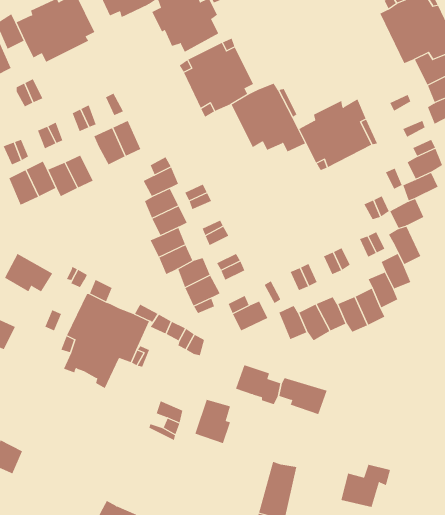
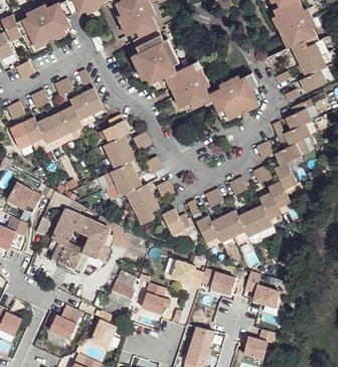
building: none -> [61,107,86,138]
building: none -> [244,269,279,305]
building: none -> [49,305,80,339]
building: none -> [90,311,118,348]

